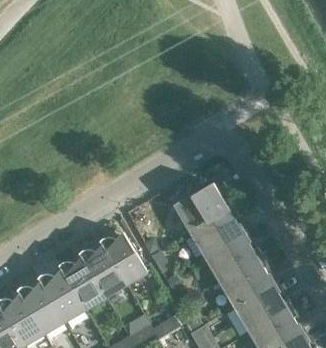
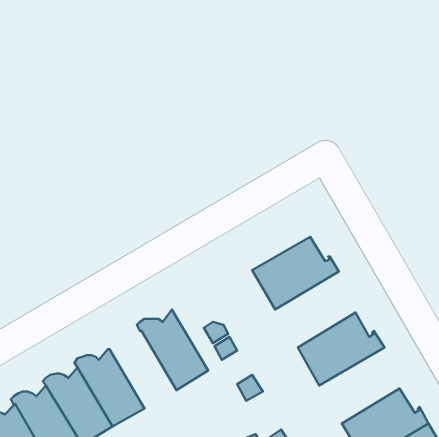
building: [190,207,243,257] -> none
building: [78,246,125,297] -> none
building: [219,257,272,307] -> none

